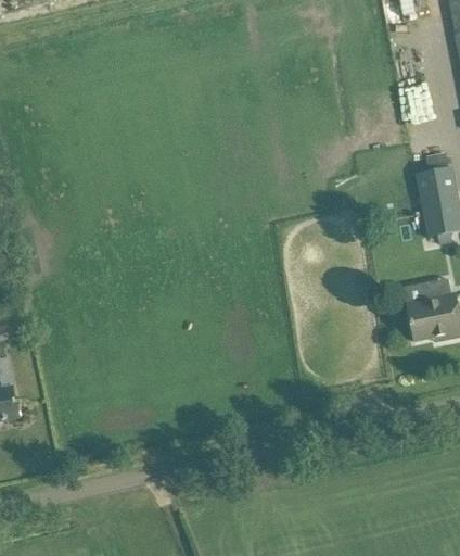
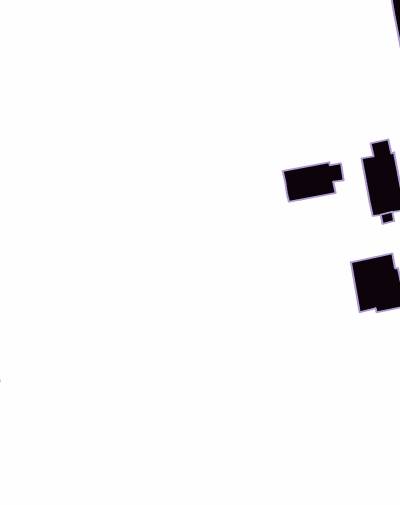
building: none -> [283,162,344,202]

